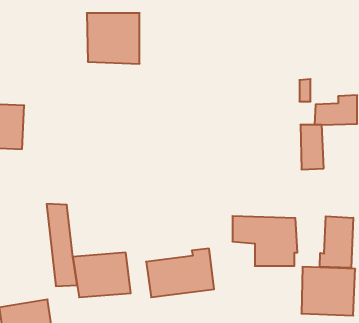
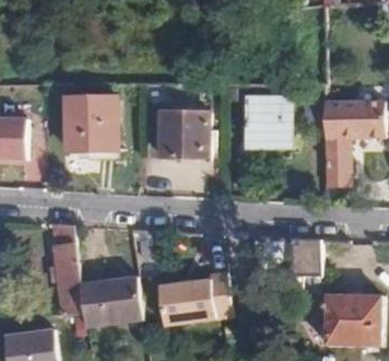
building: [87,13,140,64] -> [66,96,122,151]
building: none -> [247,98,287,148]
building: none -> [160,112,209,159]
building: [320,216,353,268] -> none

